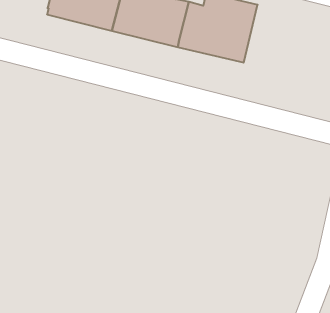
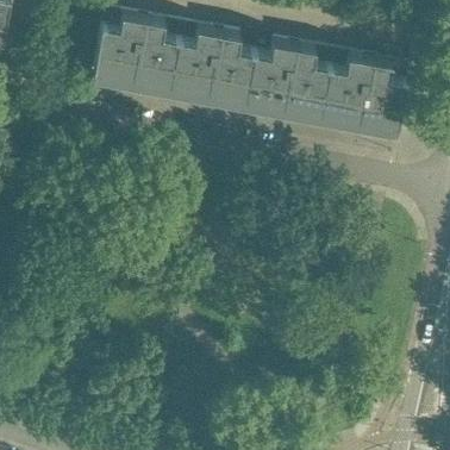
building: none -> [321,56,410,137]

